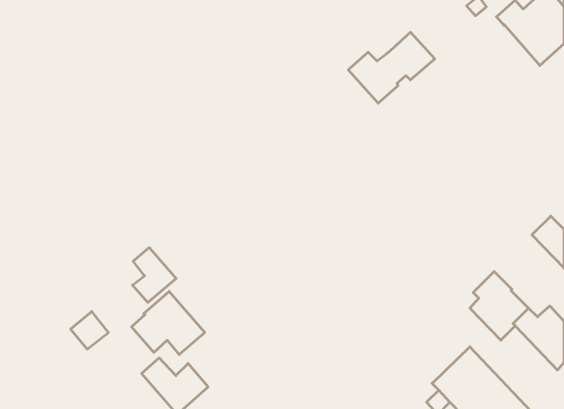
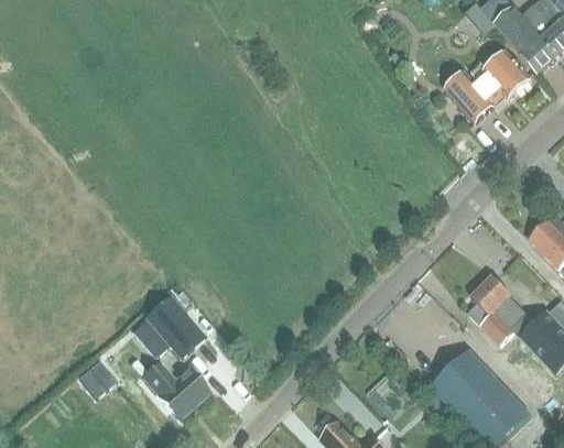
building: [348,32,435,103] -> [446,51,532,121]
building: [132,248,176,302] -> none
building: [71,311,108,349] -> [79,359,117,396]

